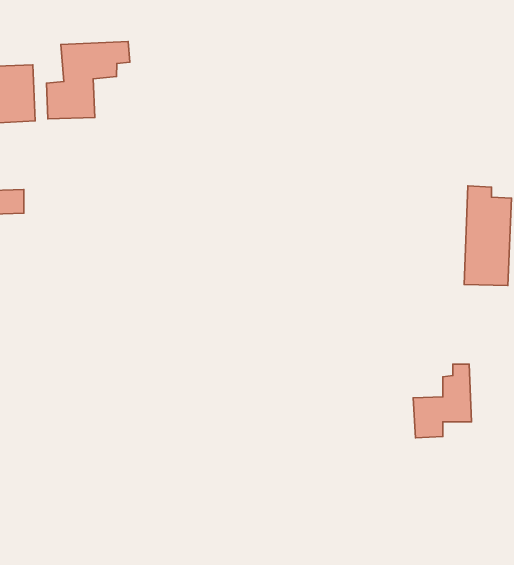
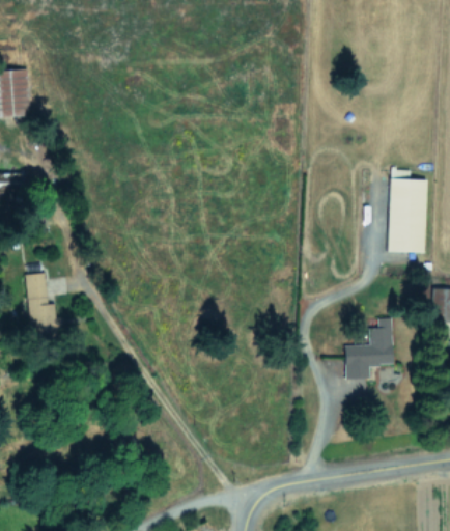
building: [46,41,130,119] -> none
building: none -> [25,272,61,339]

